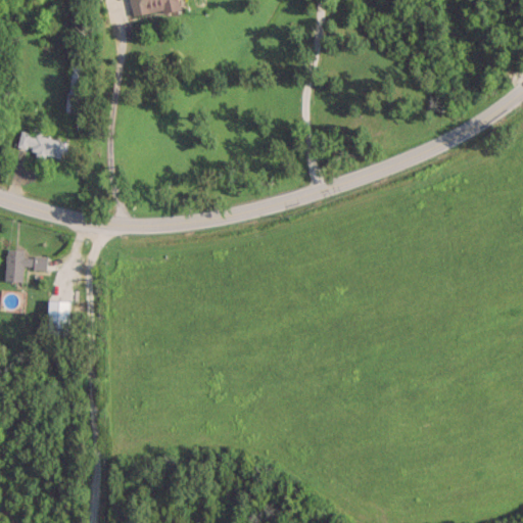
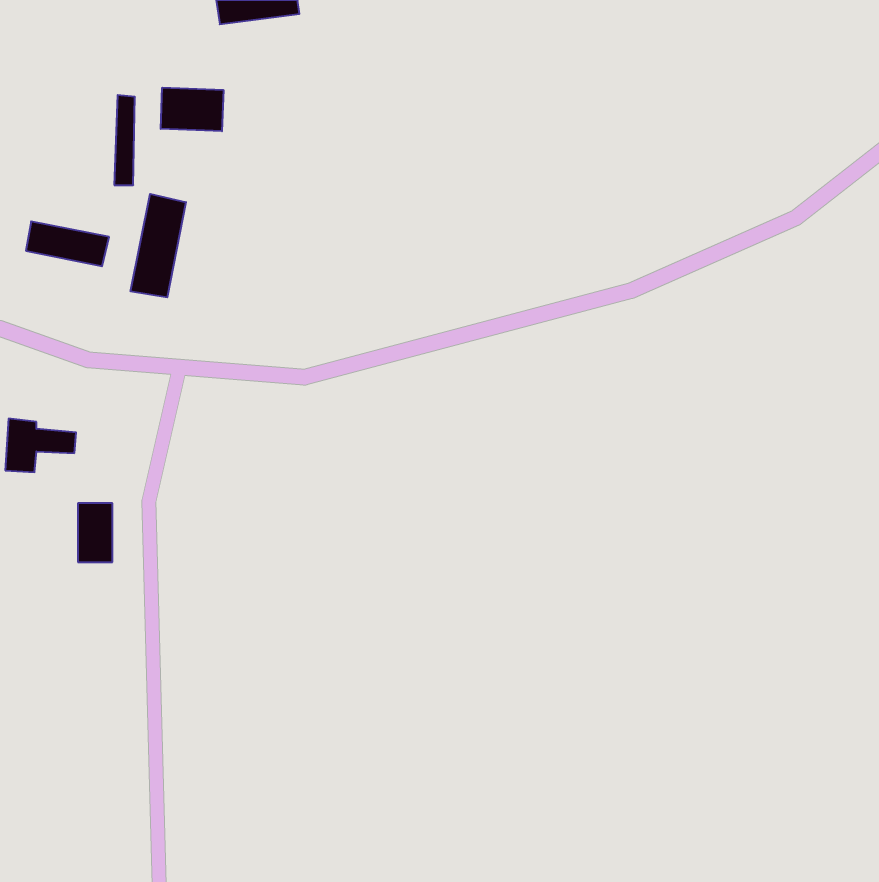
building: none -> [161,88,223,131]
building: none -> [131,194,186,297]

